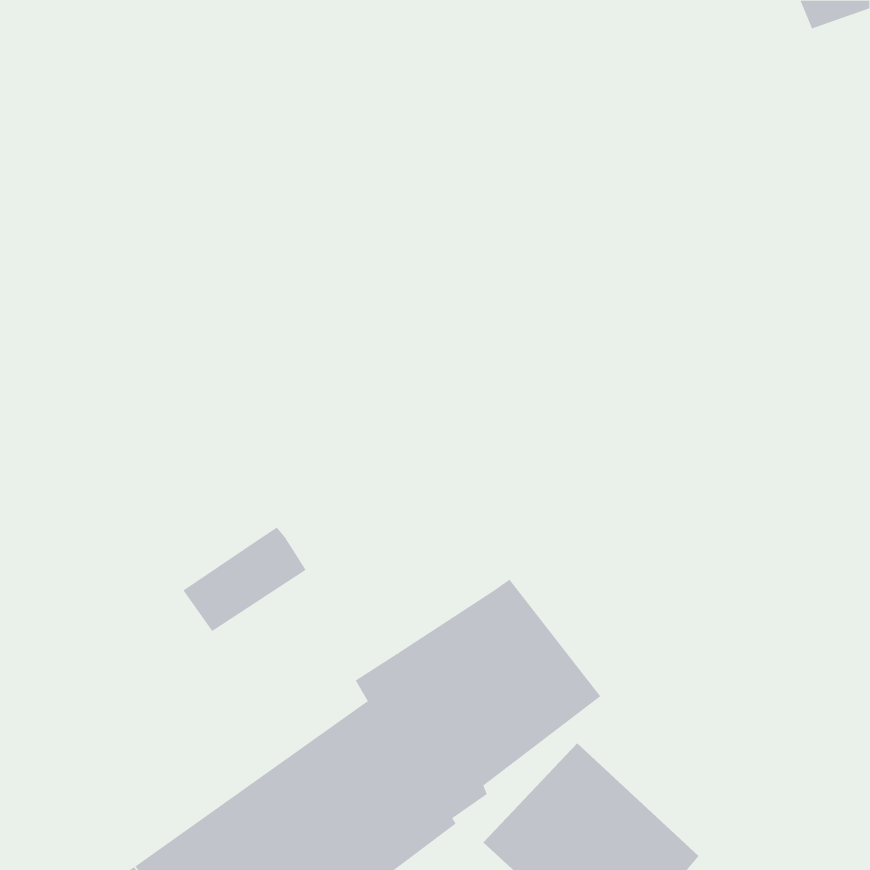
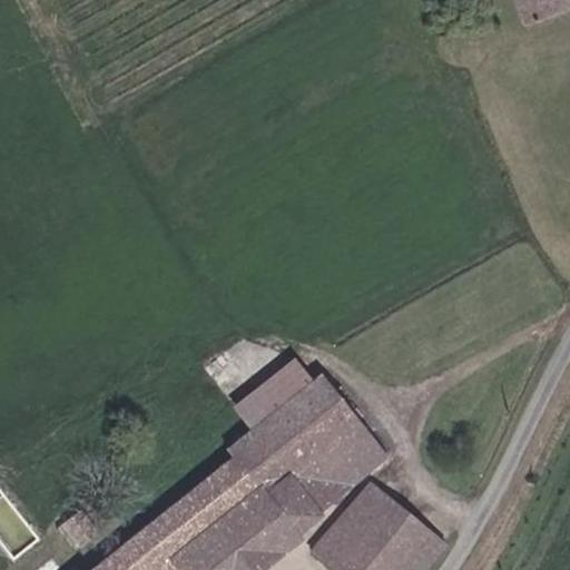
building: [183,527,307,632] -> [238,361,318,429]

